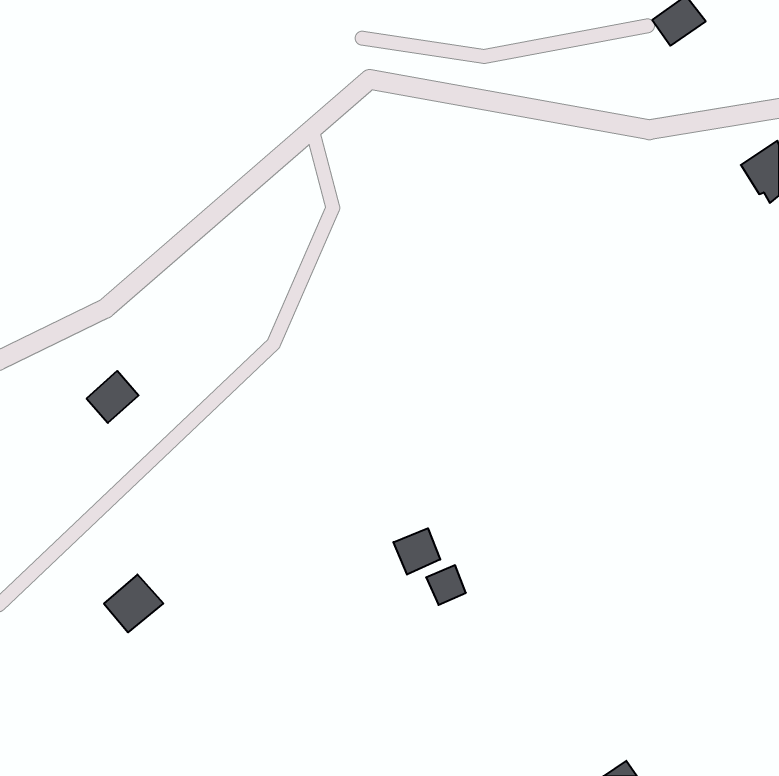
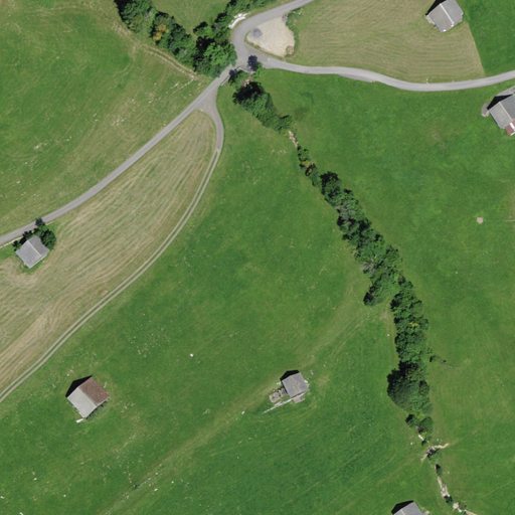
building: [87,371,139,423] -> [14,233,48,268]
building: [393,528,440,575] -> none

